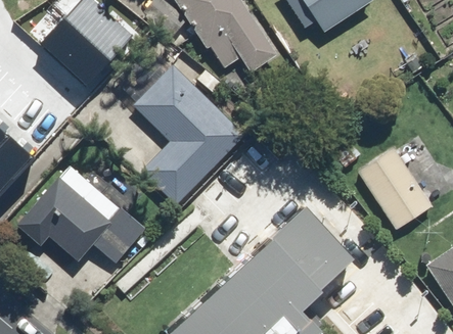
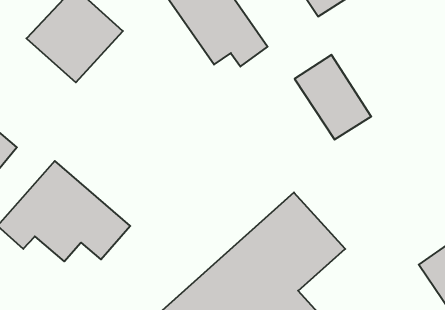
building: [130,49,245,206] -> none
building: [357,150,432,233] -> [295,55,371,140]

